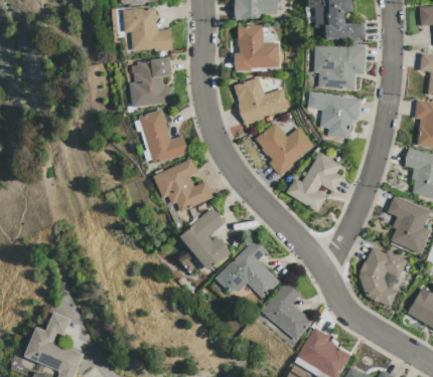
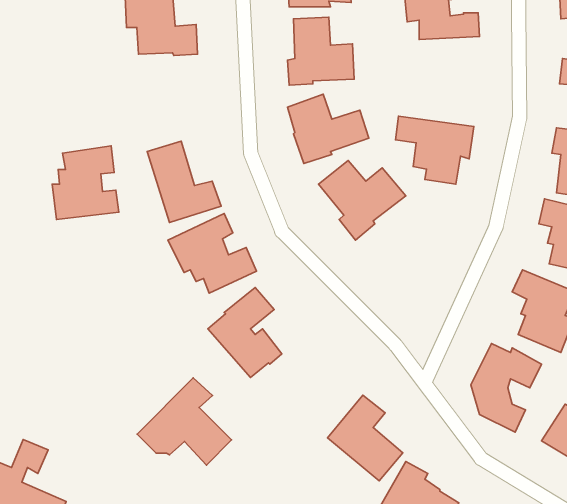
building: [313,45,366,89] -> none
building: [129,56,174,107] -> [52,146,119,220]
building: [286,152,342,211] -> none
building: [215,239,280,299] -> [137,378,232,465]

